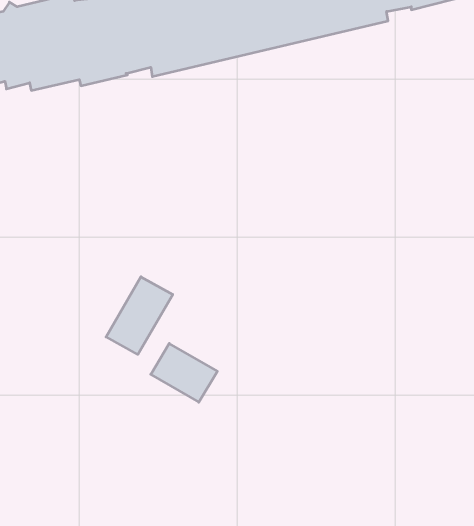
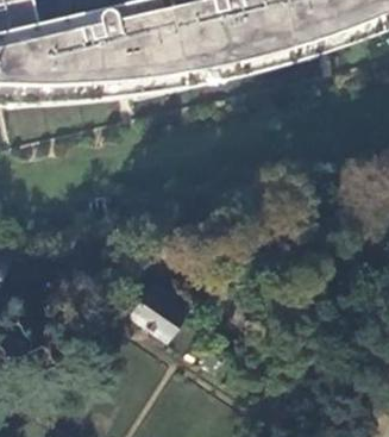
building: [106,277,173,354] -> none

